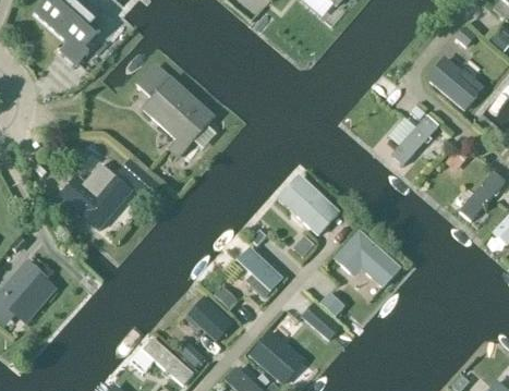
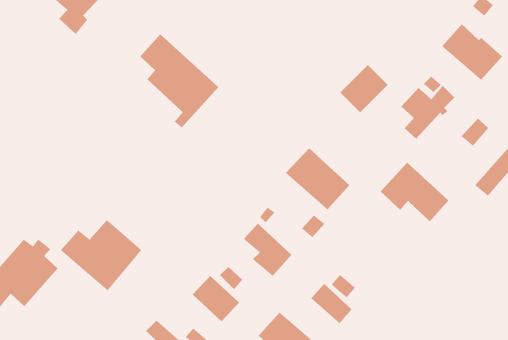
building: none -> [339,64,389,113]
building: [53,159,132,228] -> [60,219,142,291]
building: [335,229,401,286] -> [380,162,449,222]

